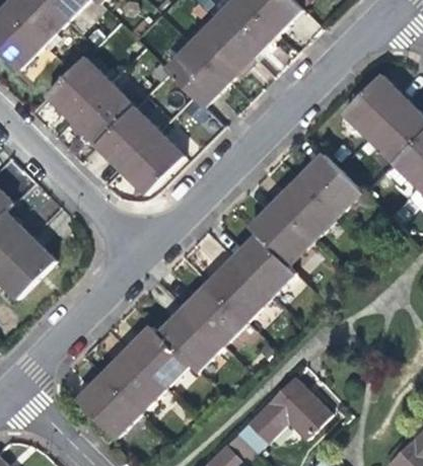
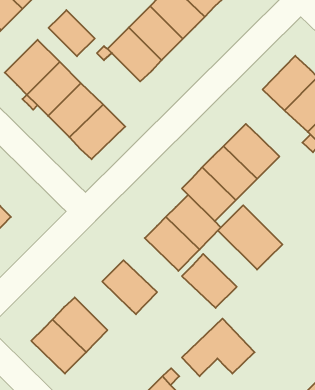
building: none -> [49,10,95,56]
building: none -> [218,205,282,270]
building: [183,284,245,345] -> [182,254,237,308]
building: [127,326,190,389] -> none

